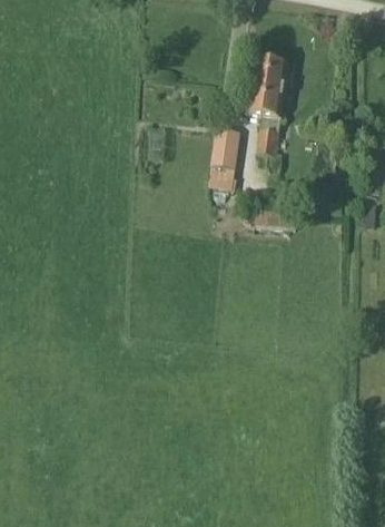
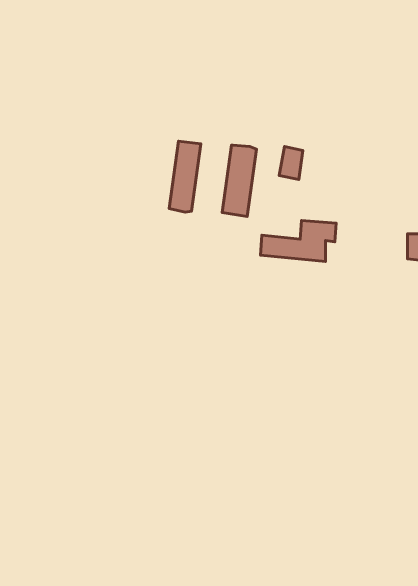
building: [246,60,292,118] -> none
building: none -> [169,141,201,212]

